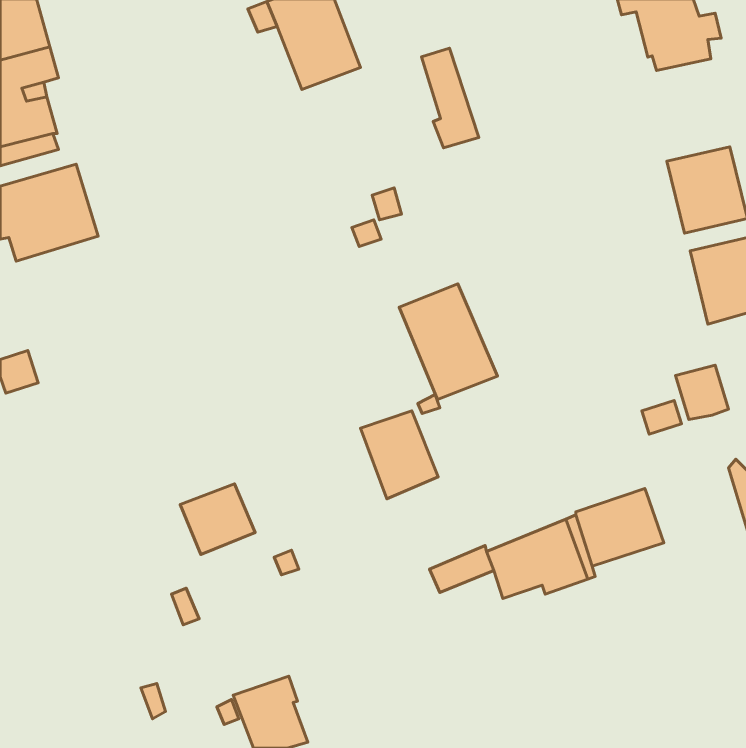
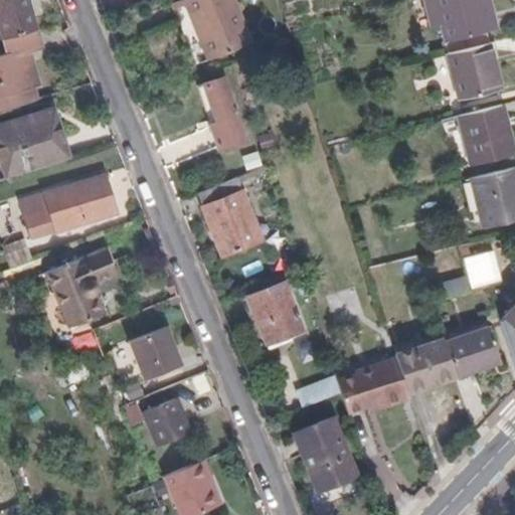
building: [422,48,479,148] -> [204,78,243,147]
building: none -> [449,40,502,96]
building: none -> [23,178,115,241]
building: [399,284,497,400] -> [197,176,265,255]
building: none -> [55,252,113,324]
building: none -> [446,323,502,372]
building: none -> [142,401,185,448]
building: none -> [292,416,354,489]

